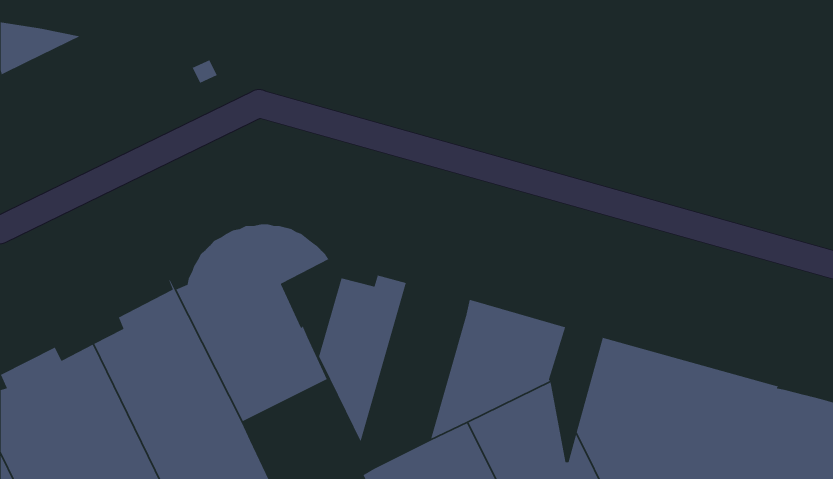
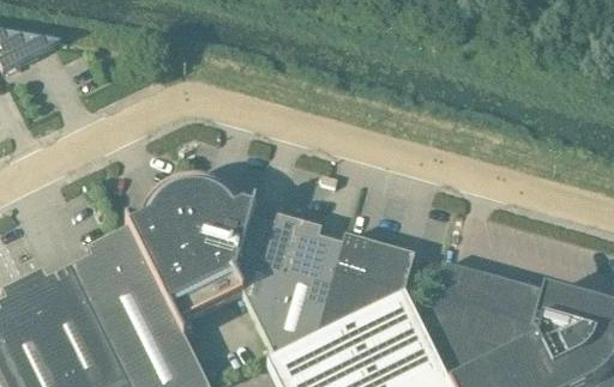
building: none -> [207,199,255,290]
building: none -> [265,219,342,355]

